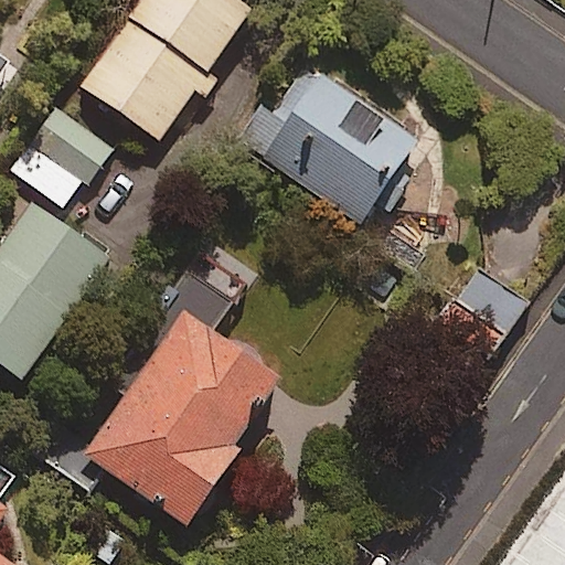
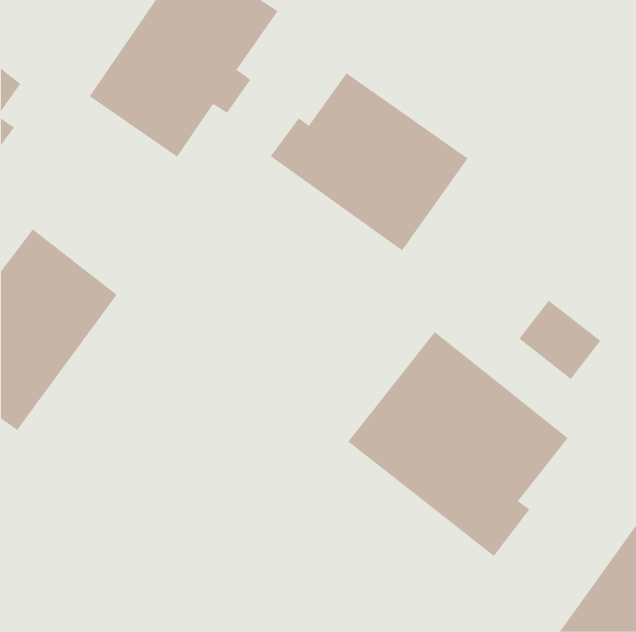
building: [9,100,119,207] -> none
building: none -> [348,331,568,557]
building: [83,312,281,524] -> none

